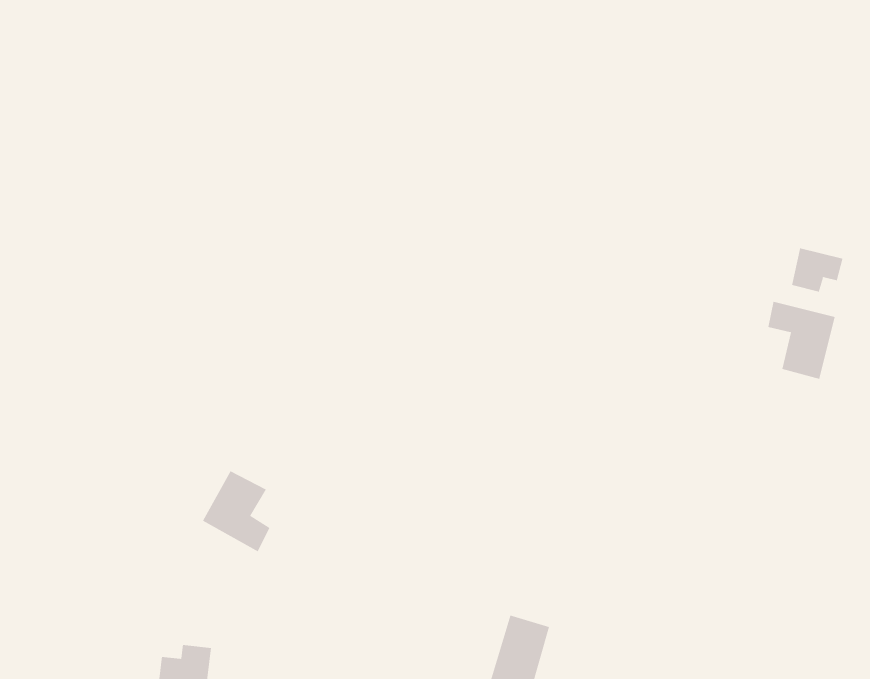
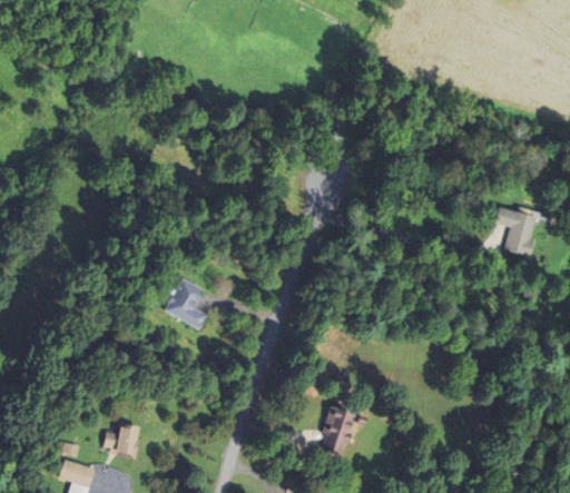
building: [791,248,843,292] -> none
building: [202,470,270,552] -> [164,278,207,331]

